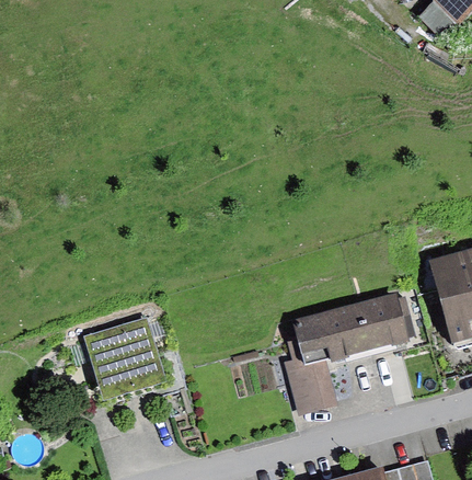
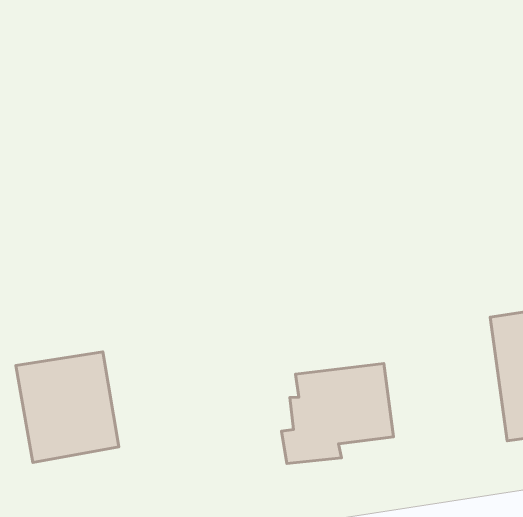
building: [354,287,425,357] -> none
building: [291,377,337,415] -> none

